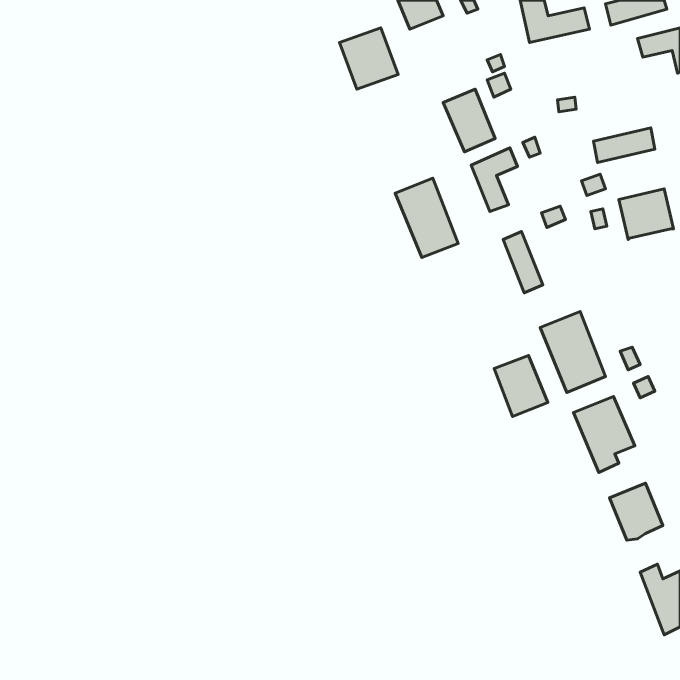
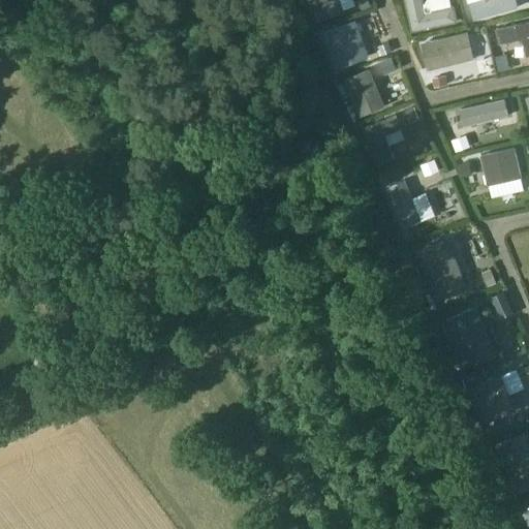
building: [340,28,398,89] -> [323,21,369,68]
building: none -> [421,33,473,72]
building: [395,178,458,257] -> none
building: [494,355,548,417] -> none

